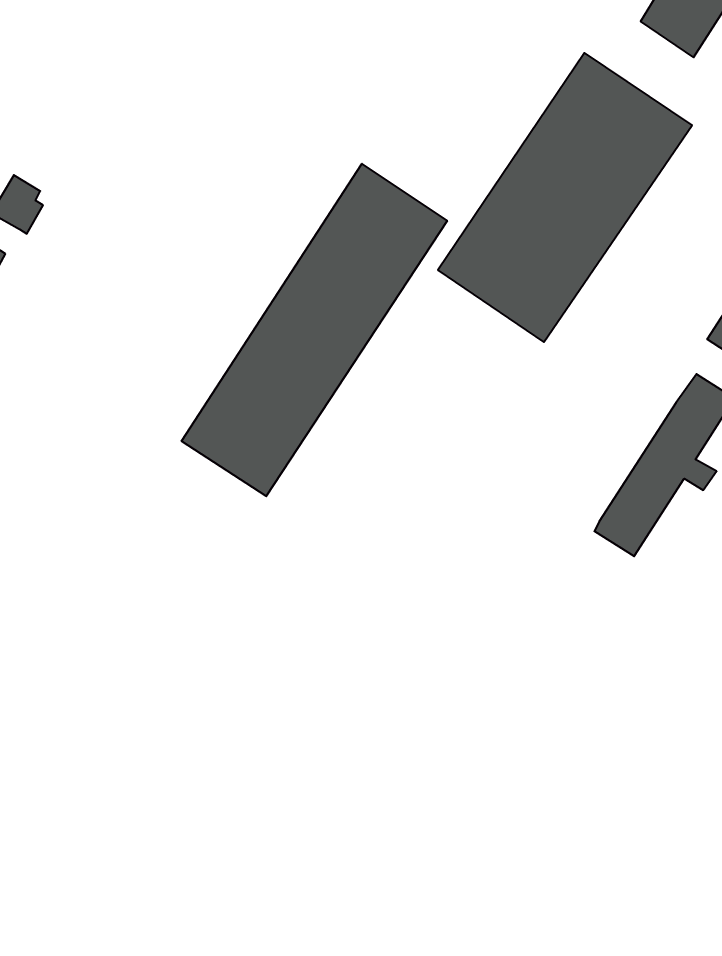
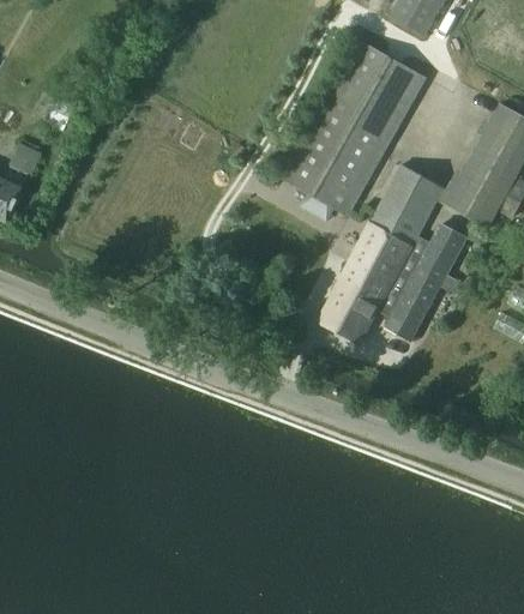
building: [182,164,447,496] -> none
building: none -> [319,165,442,342]

